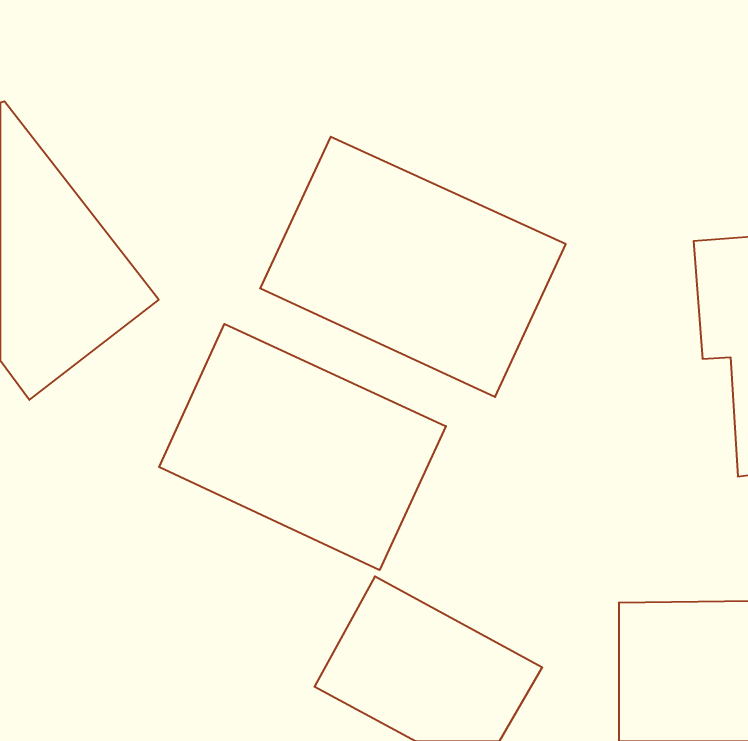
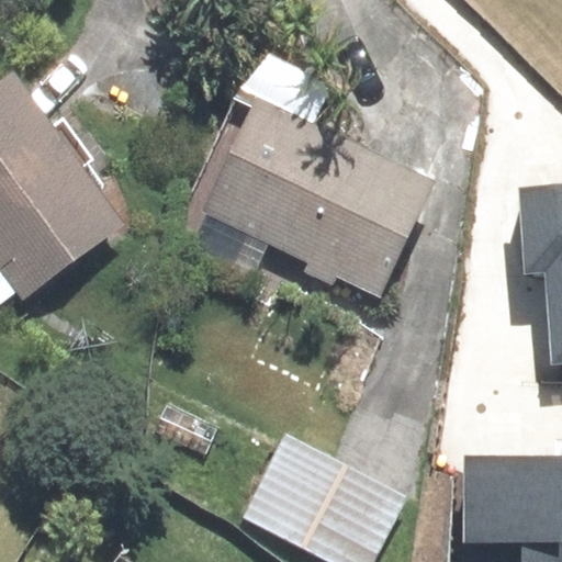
building: [159,324,446,570] -> none

